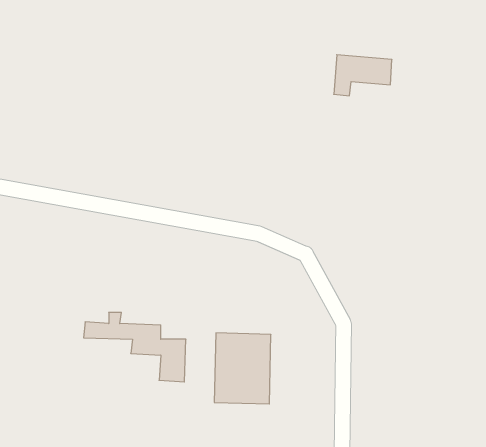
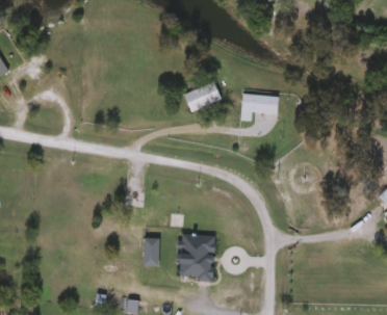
building: [334,55,392,96] -> [240,93,279,120]
building: none -> [185,85,221,107]

